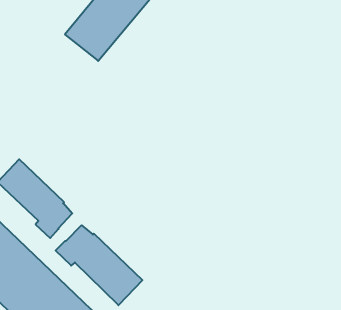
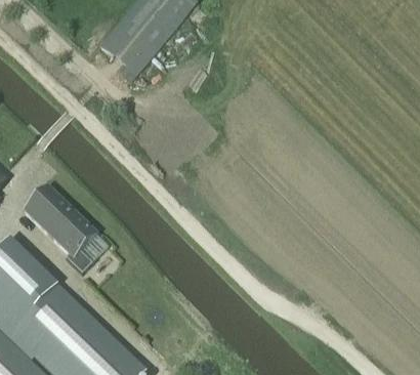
building: [56,225,142,305] -> none

